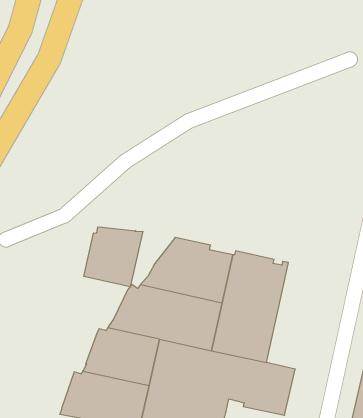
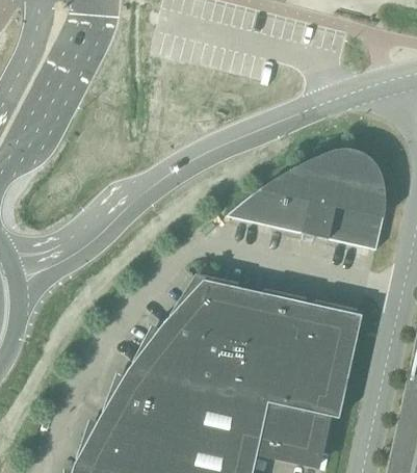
building: none -> [226,150,385,252]
building: [84,227,143,287] -> none
building: none -> [297,303,361,420]

